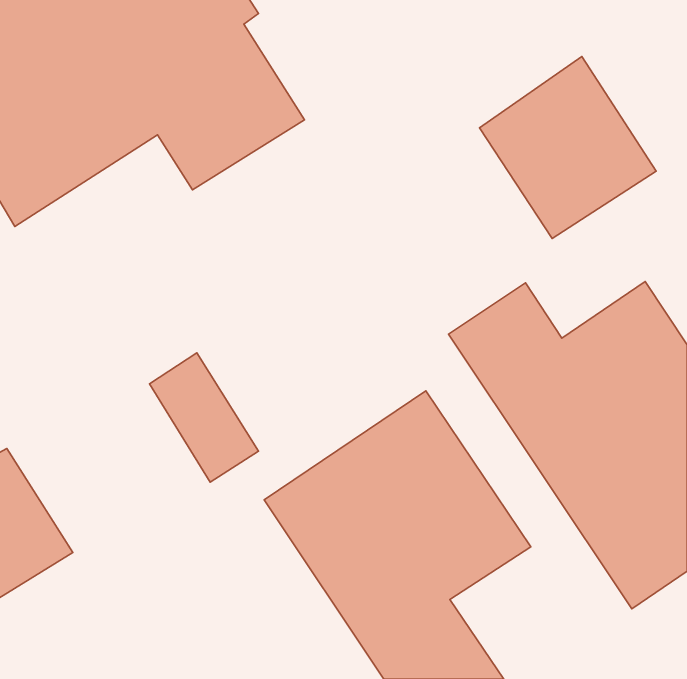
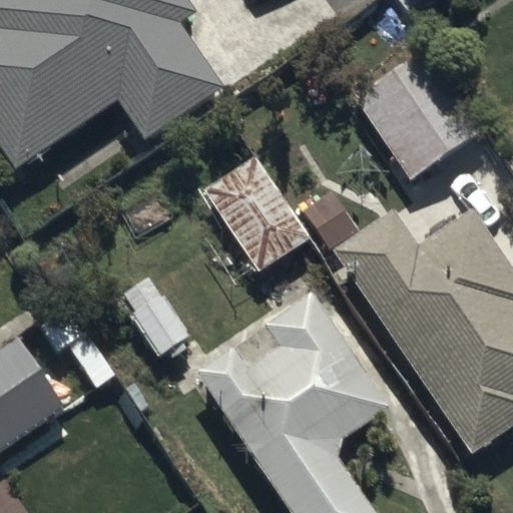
building: none -> [202,157,314,281]

